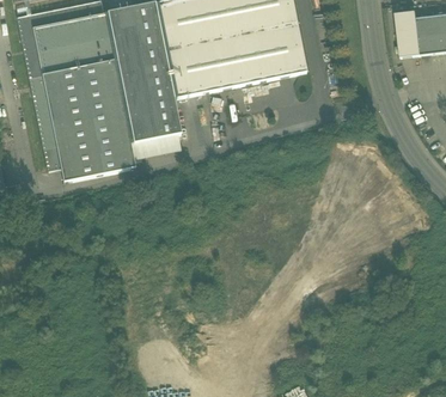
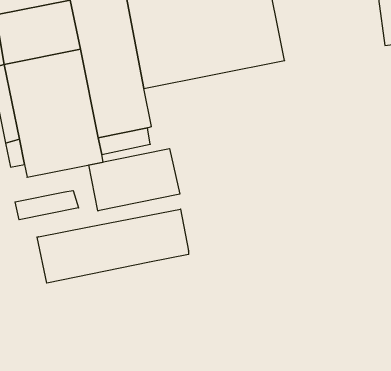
building: none -> [89,149,180,211]
building: none -> [15,191,79,220]
building: none -> [37,209,189,283]

